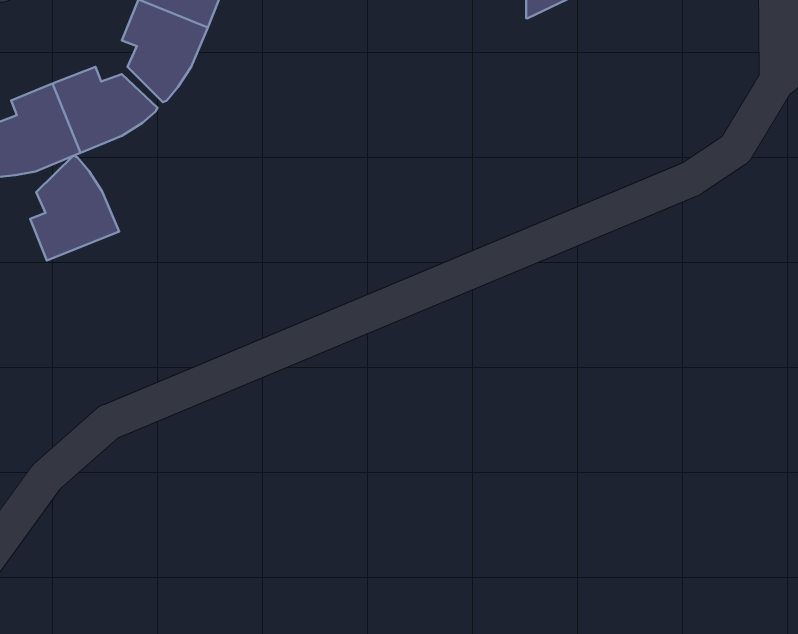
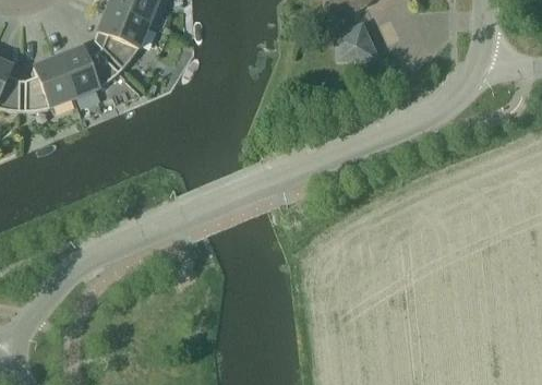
building: none -> [336,22,383,59]
building: [30,156,119,260] -> none

